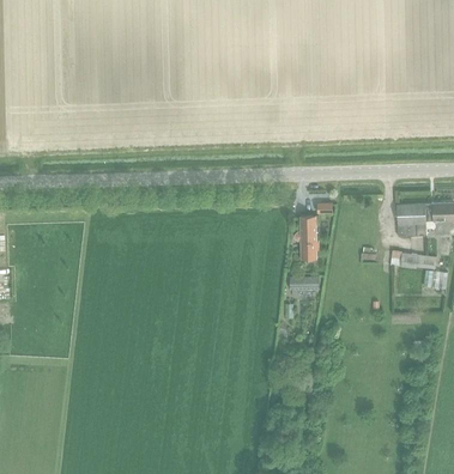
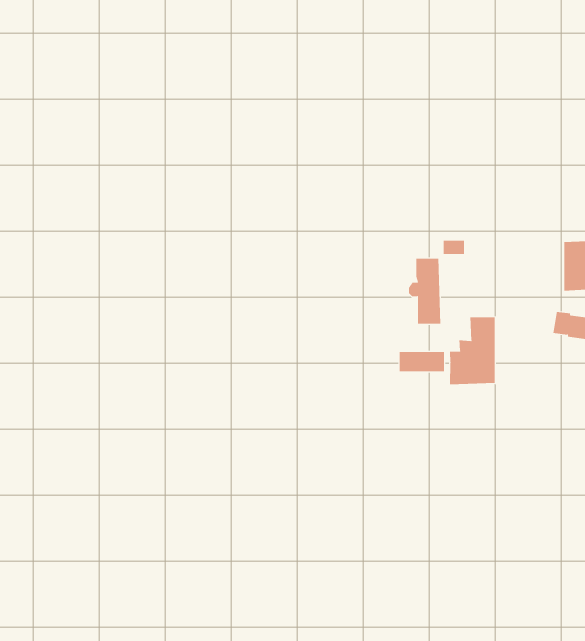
building: none -> [449,316,495,385]

